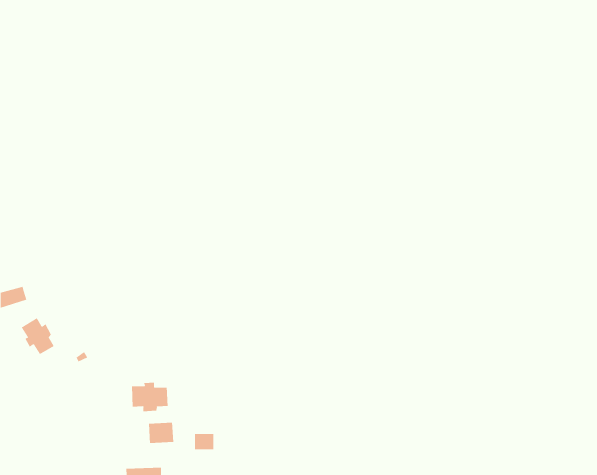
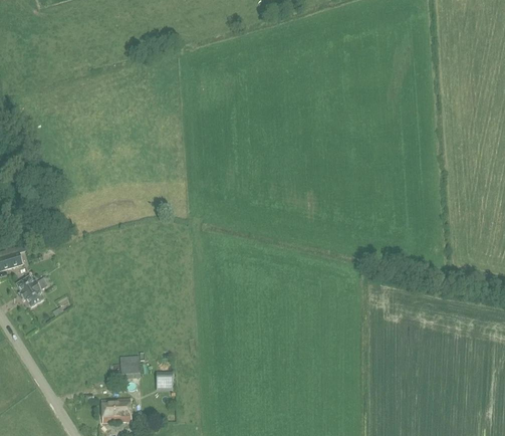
building: [132,382,168,412] -> none

